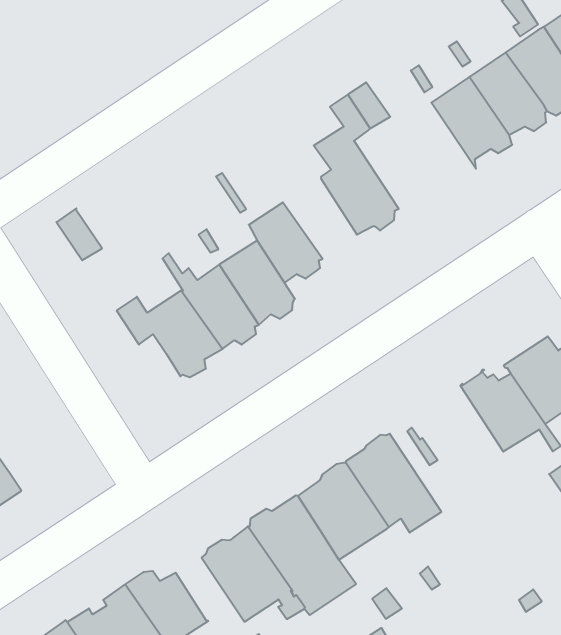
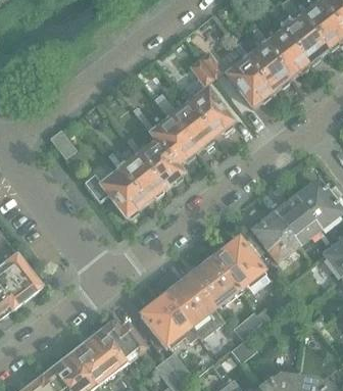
building: none -> [227,60,272,105]
building: none -> [153,93,211,148]
building: none -> [252,210,297,260]

